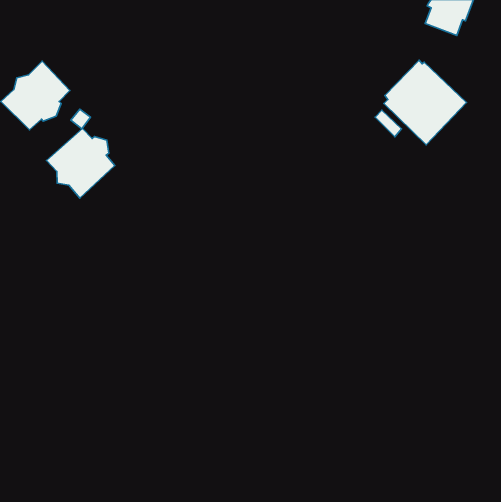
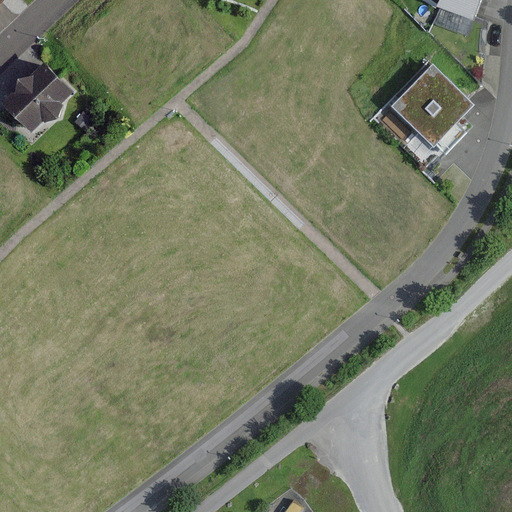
building: [47,128,115,198] -> none

